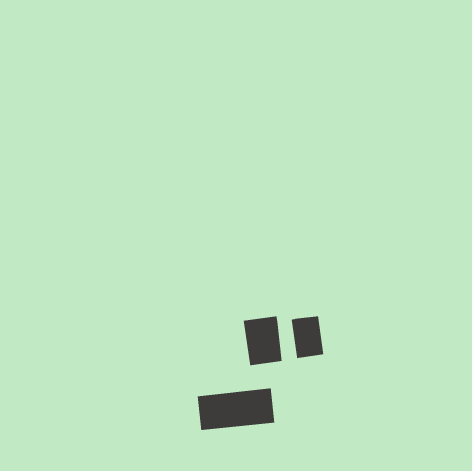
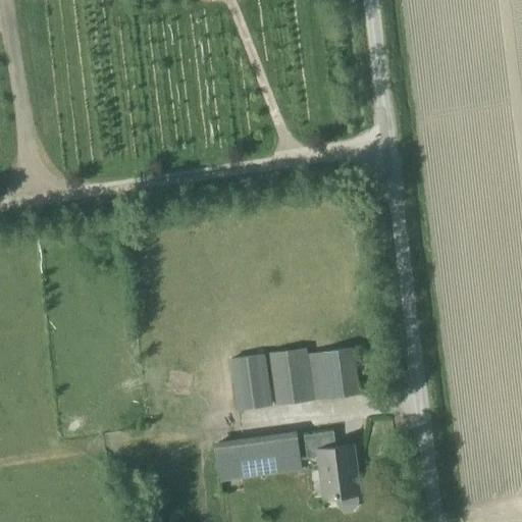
building: none -> [231,356,270,410]
building: none -> [304,432,359,512]

